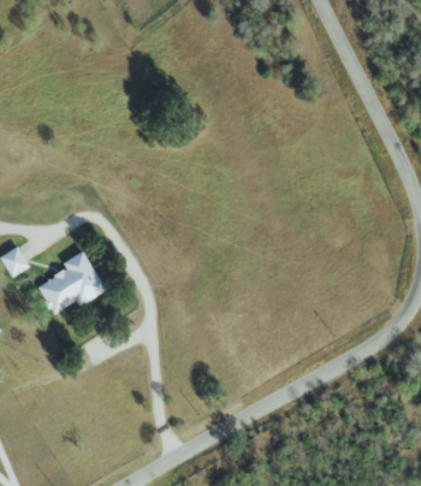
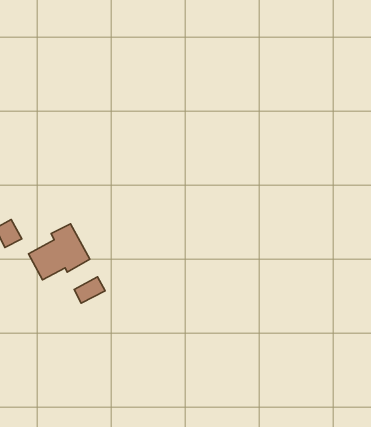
building: none -> [74,277,105,303]

